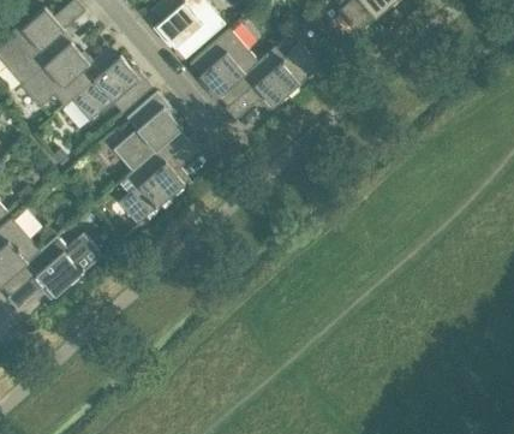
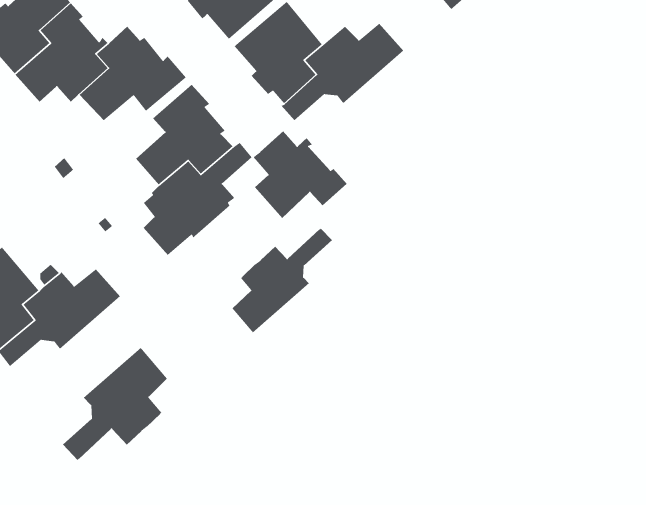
building: none -> [252,130,347,219]
building: none -> [232,228,333,333]
building: none -> [62,347,168,461]

